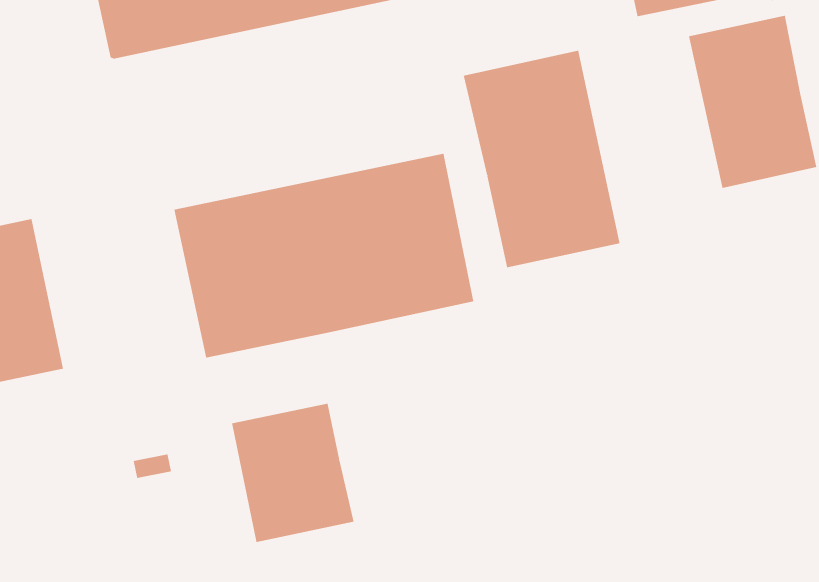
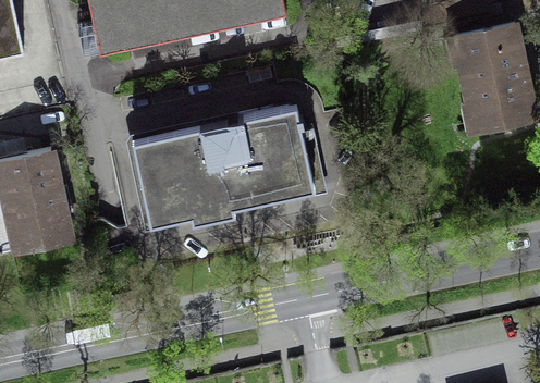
building: [463,50,620,268] -> none
building: [232,403,354,543] -> none

